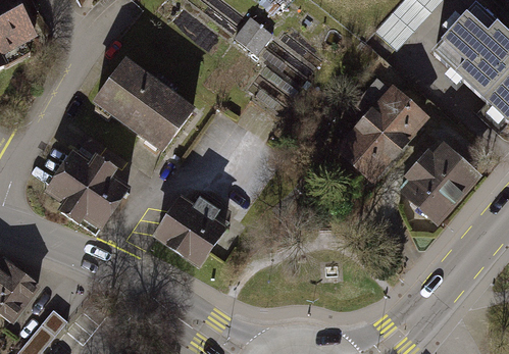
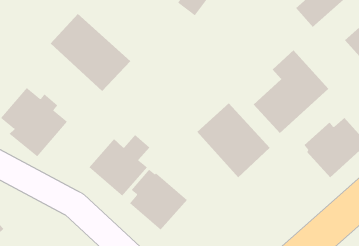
building: none -> [196,102,270,178]
building: none -> [129,169,188,231]

